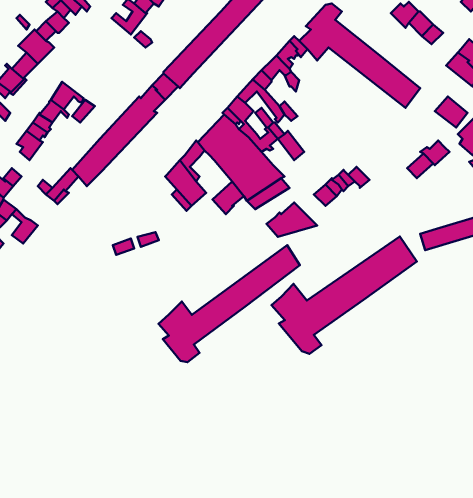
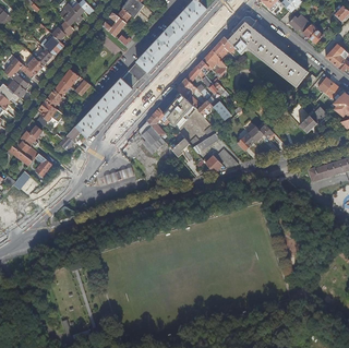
building: [271,236,417,354] -> none
building: [158,245,300,362] -> none

